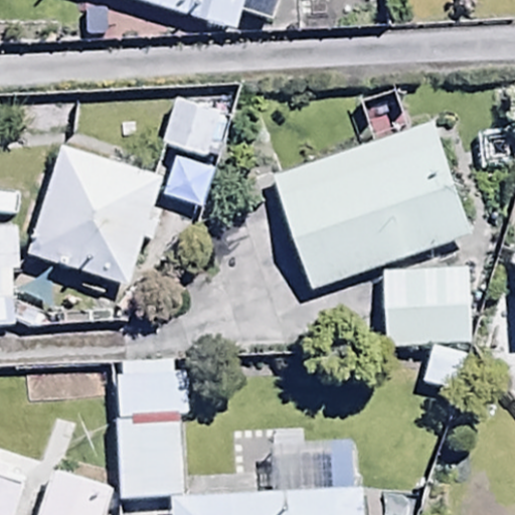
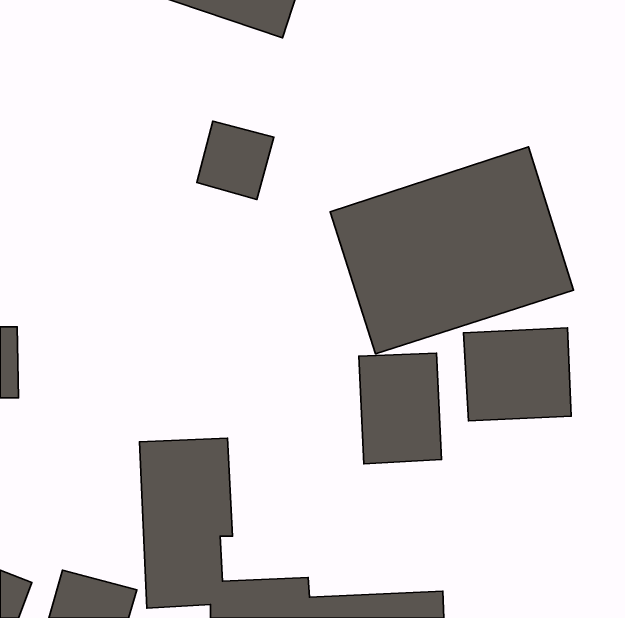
building: [28,146,164,286] -> none
building: none -> [359,353,442,464]

